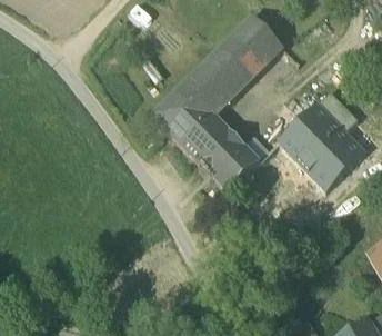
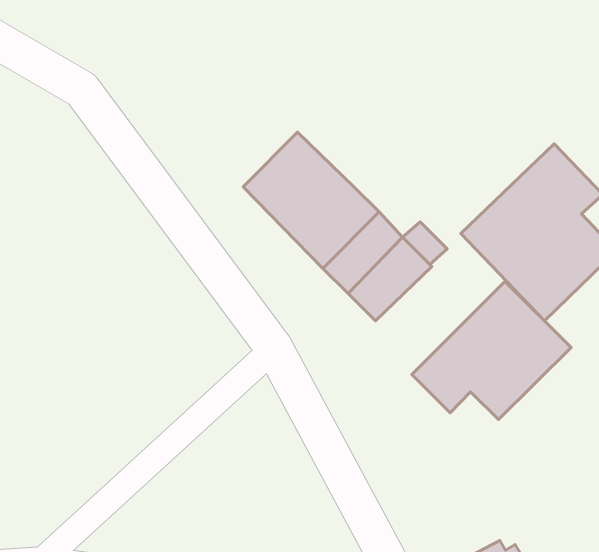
building: [183,14,283,113] -> none
building: none -> [412,281,571,419]

